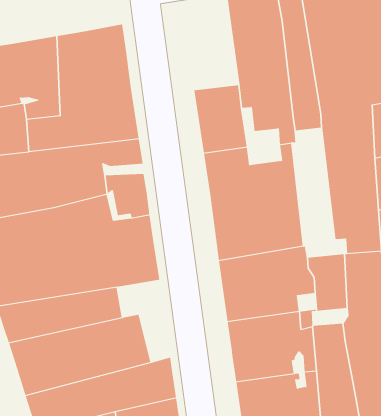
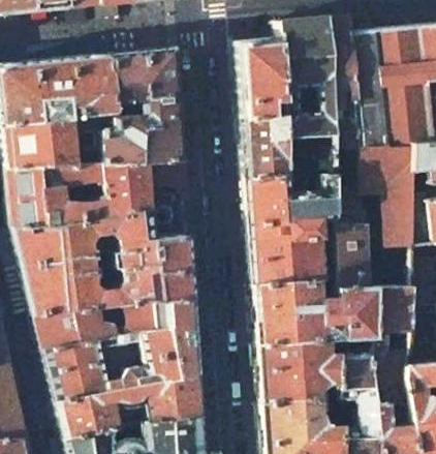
building: none -> [237,35,286,115]
building: none -> [334,160,370,285]
building: none -> [154,297,201,376]

